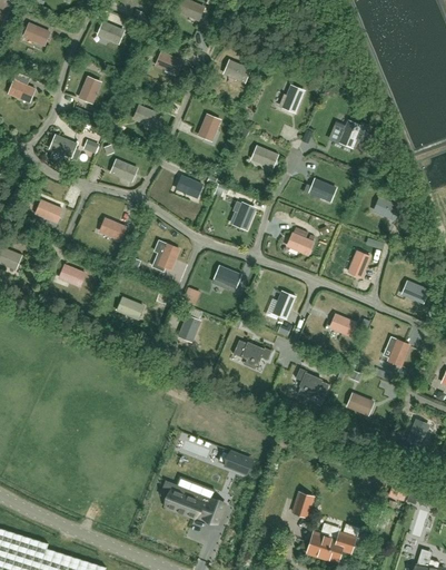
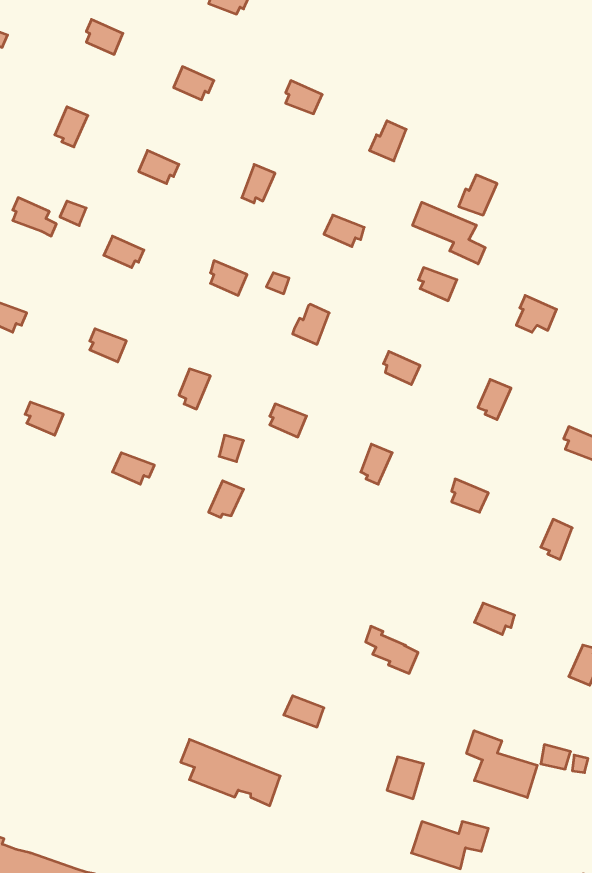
building: none -> [413,202,485,264]
building: [234,340,270,362] -> none
building: [295,367,328,397] -> [366,626,418,673]
building: none -> [467,731,537,798]

